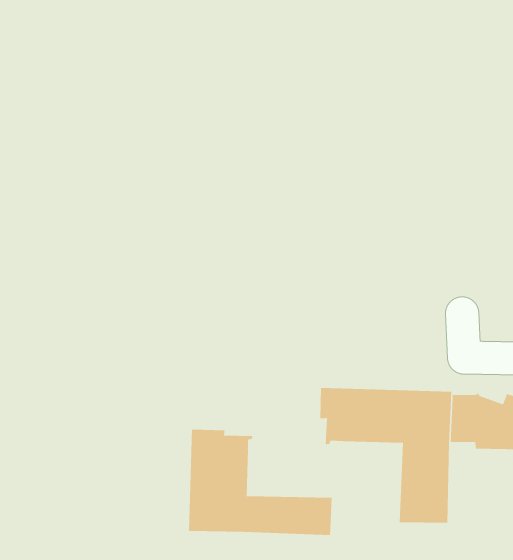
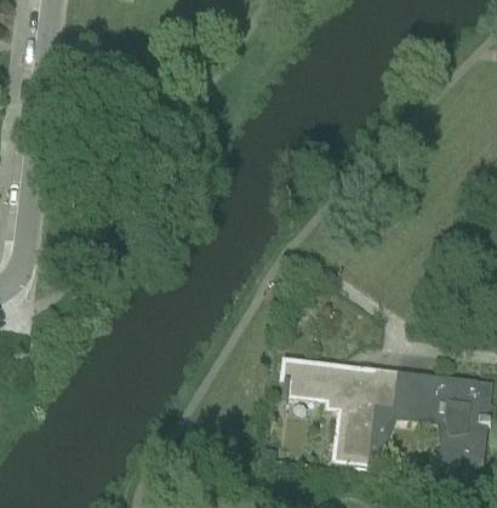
building: [189,429,332,536] -> none

